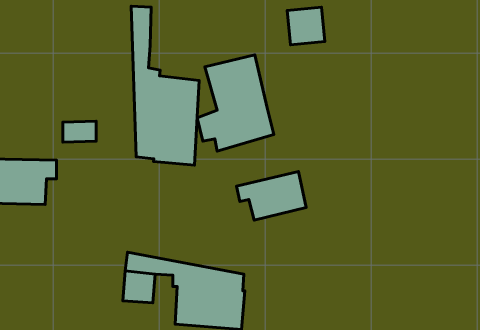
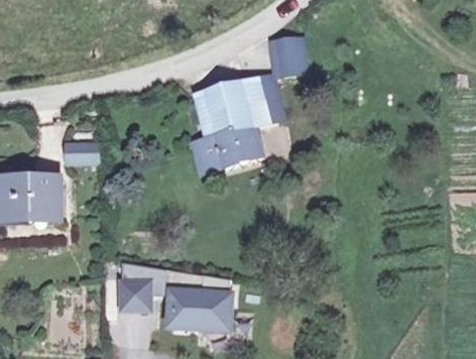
building: [131,6,199,165] -> none
building: none -> [240,77,279,132]
building: [236,172,306,220] -> none

